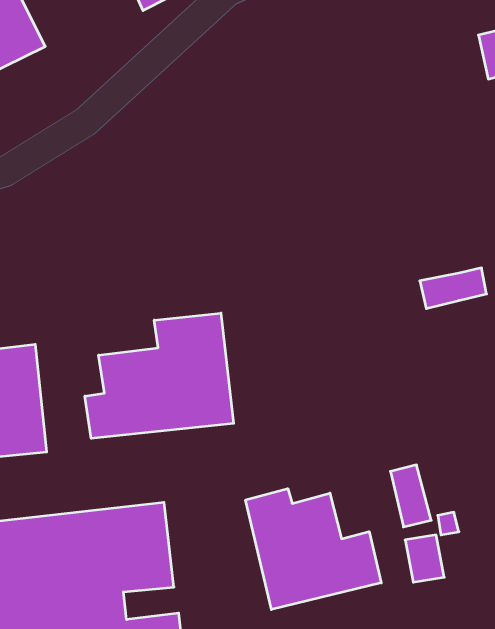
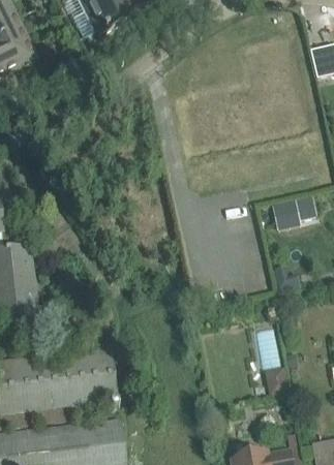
building: [85,313,234,438] -> none
building: [246,489,381,610] -> none

